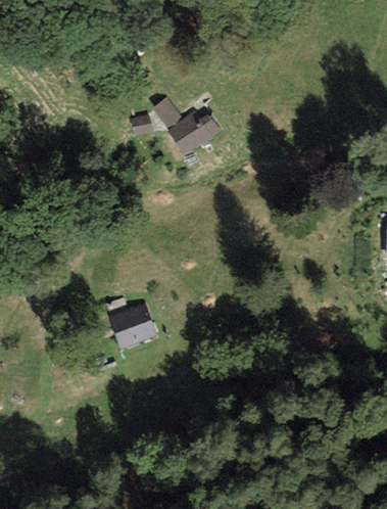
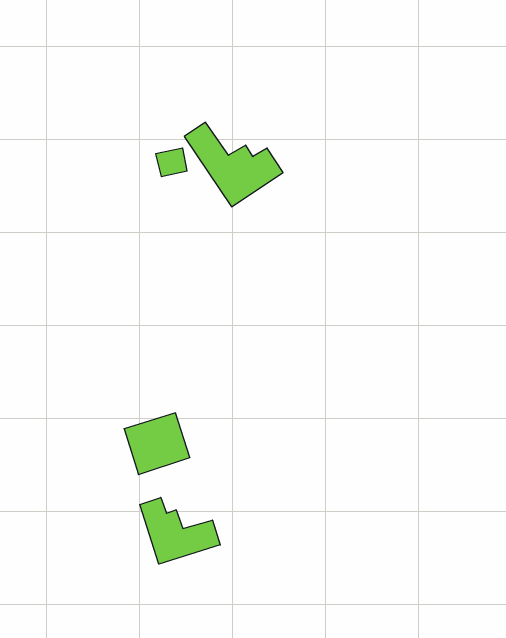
building: none -> [140,497,220,564]

